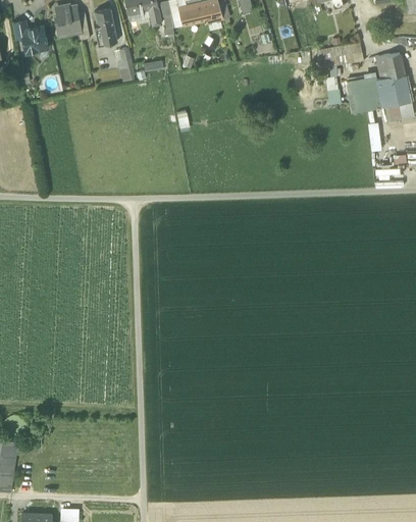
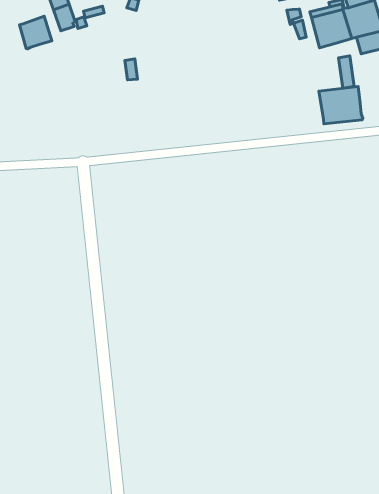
building: none -> [19,16,52,49]
building: none -> [319,87,363,124]

